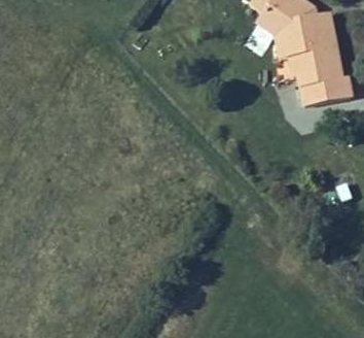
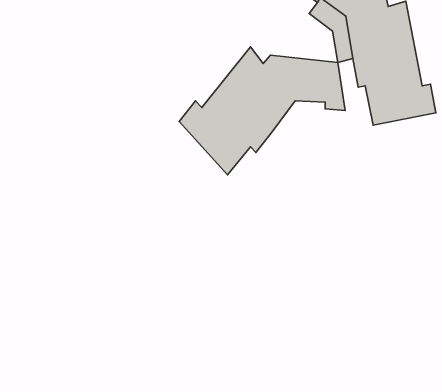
building: none -> [179,47,345,175]

